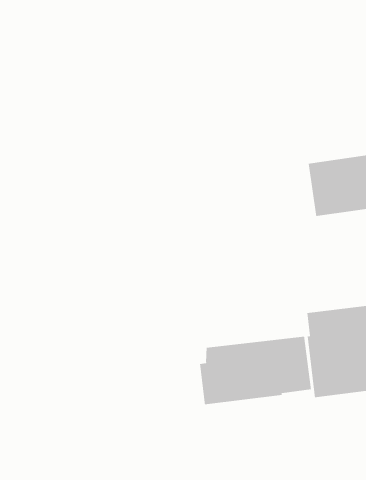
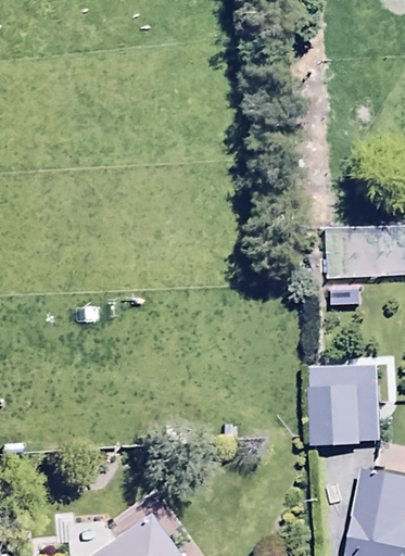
building: [200,336,311,405] -> none

